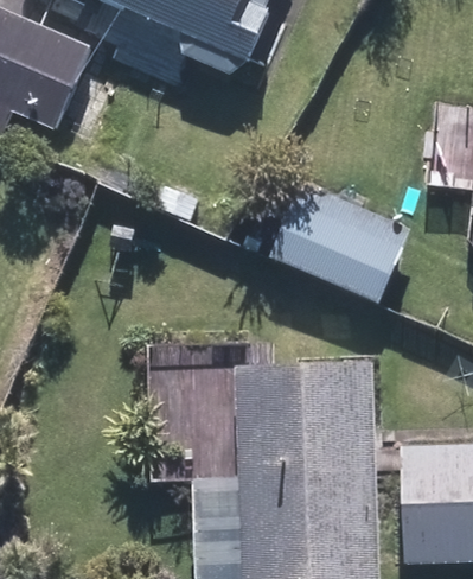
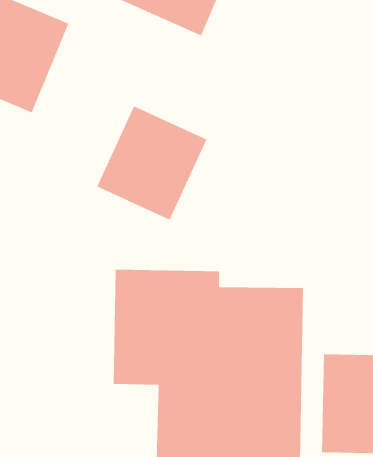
building: none -> [97,106,207,220]
building: [258,177,408,303] -> none

